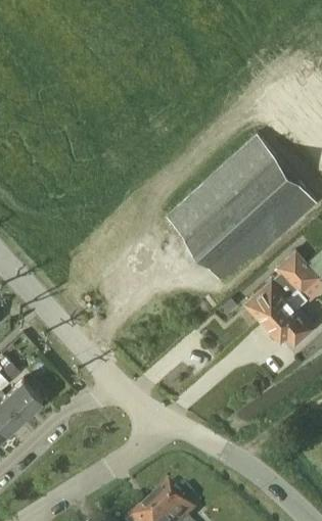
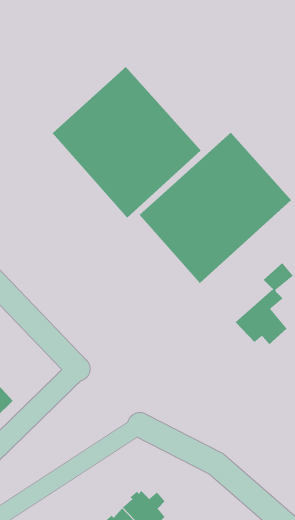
building: none -> [52,66,202,219]
building: [245,251,308,324] -> none

